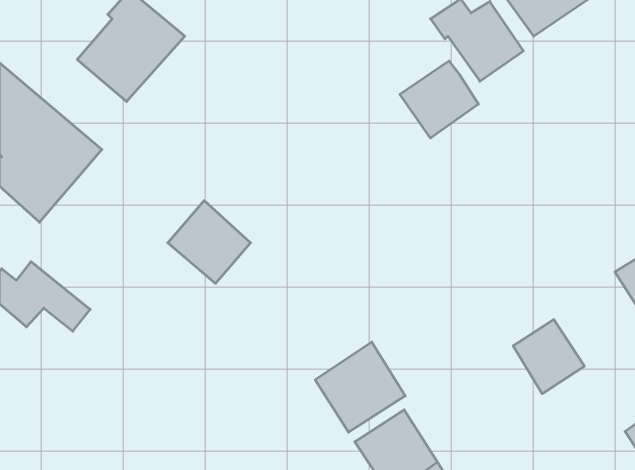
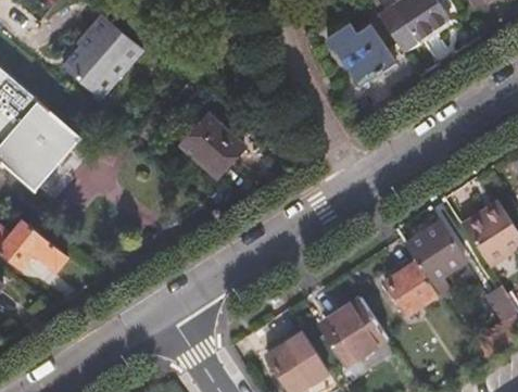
building: [400,61,478,138] -> none
building: [168,201,251,283] -> [181,115,243,177]
building: none -> [405,223,465,301]
building: [315,342,405,432] -> [319,296,387,364]

